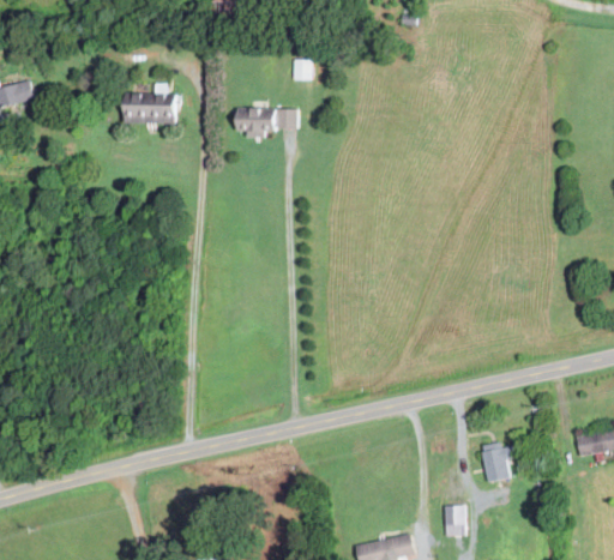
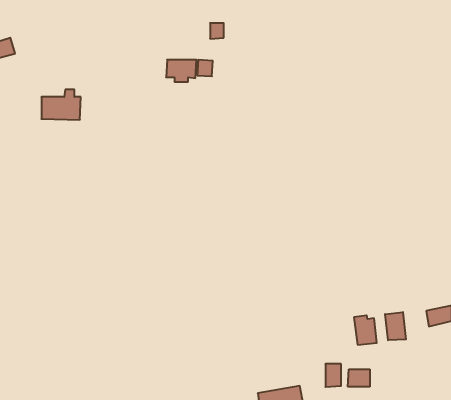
building: [126,84,177,124] -> [41,90,81,120]
building: none -> [385,312,406,340]
building: none -> [348,369,370,387]

